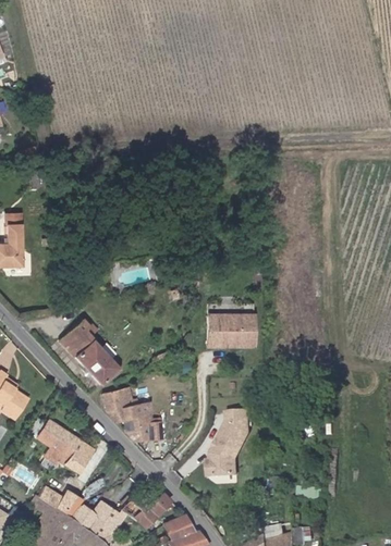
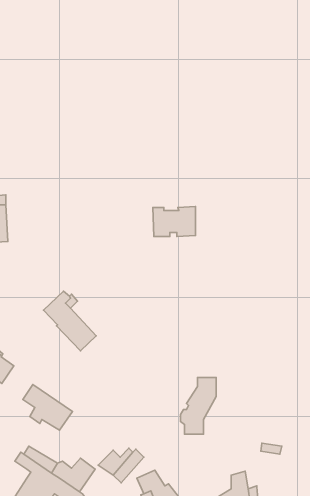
building: [208,314,255,347] -> [153,207,196,236]
building: [103,387,162,442] -> none

